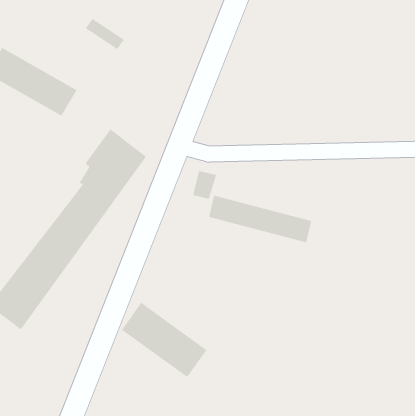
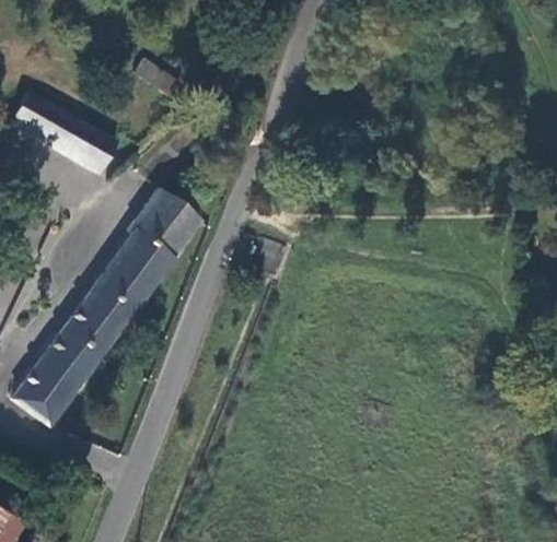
building: [209,195,312,243] -> none
building: [121,302,207,378] -> none

